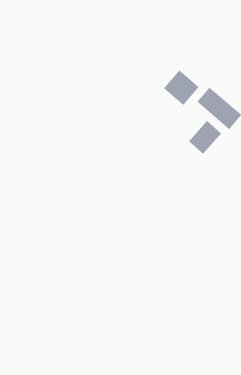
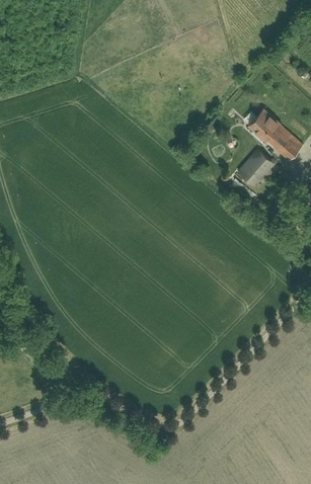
building: [163,69,200,106] -> none

